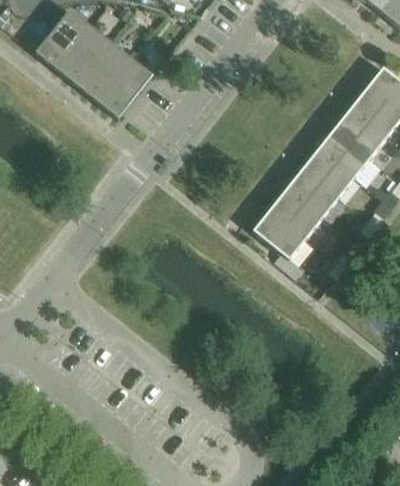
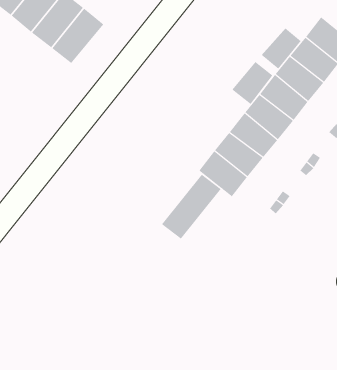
building: none -> [261,27,302,70]
building: none -> [231,61,273,105]
building: none -> [161,174,222,240]

